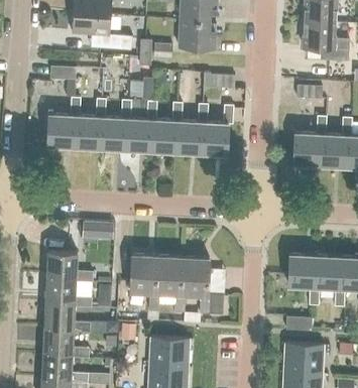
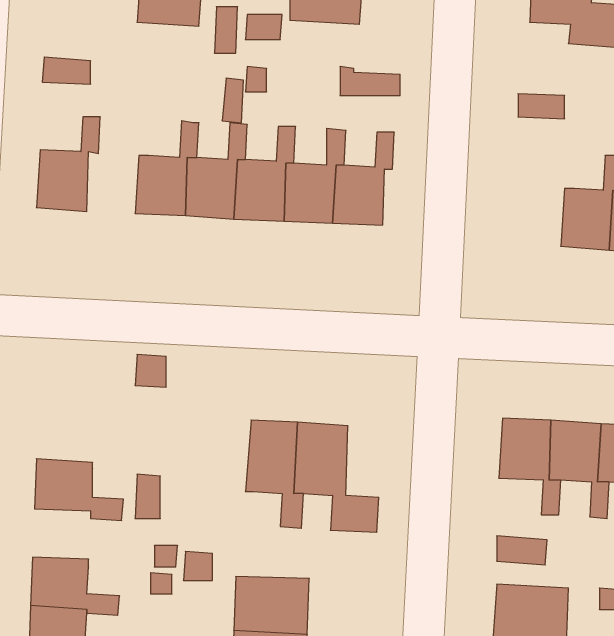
building: [72,99,105,148] -> none
building: [292,117,326,165] -> none
building: [45,251,92,282] -> none
building: [129,255,158,320] -> none
building: [43,302,91,334] -> none

